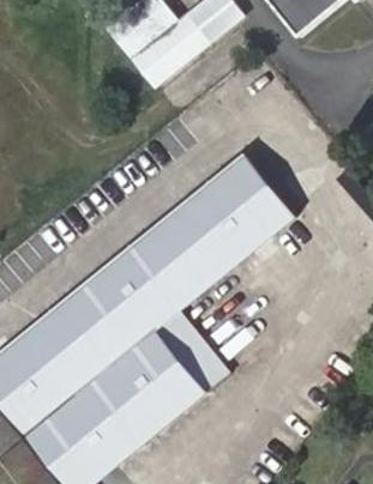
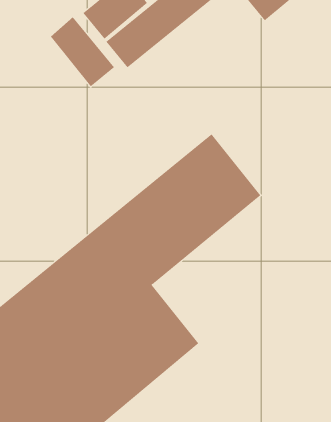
building: none -> [50,17,115,87]

